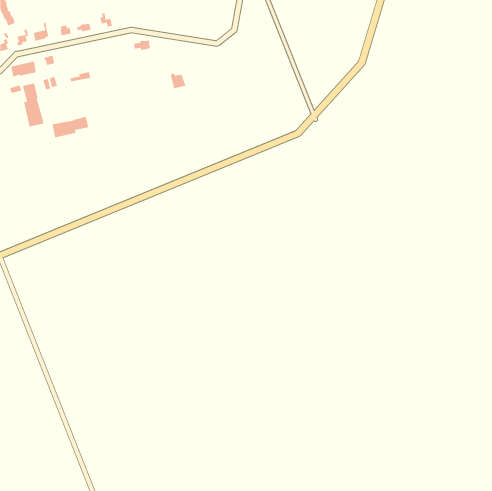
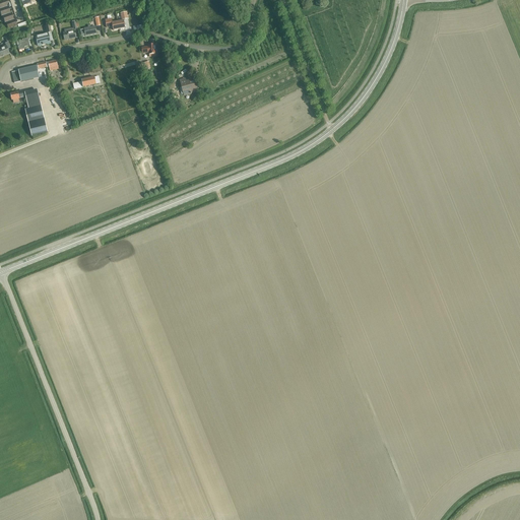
building: [52,116,89,138] -> none

